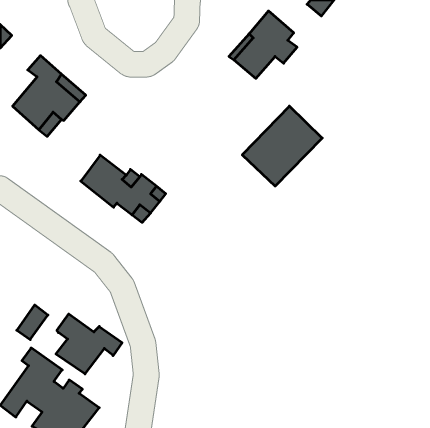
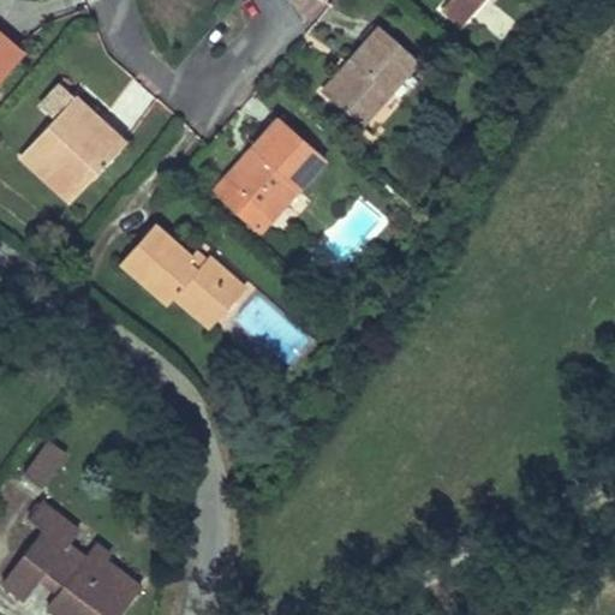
building: [242,106,322,186] -> [215,124,329,238]
building: [56,314,122,374] -> none

